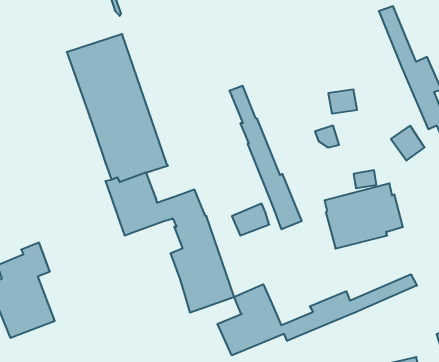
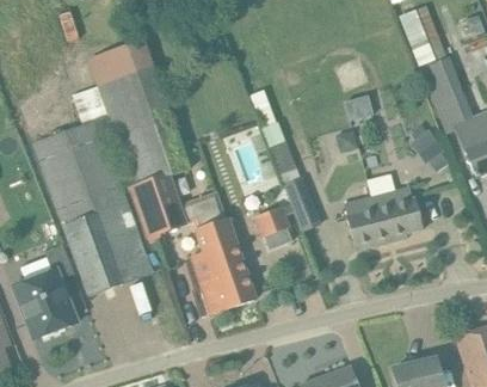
building: none -> [36,121,154,295]
building: [218,274,417,355] -> none

